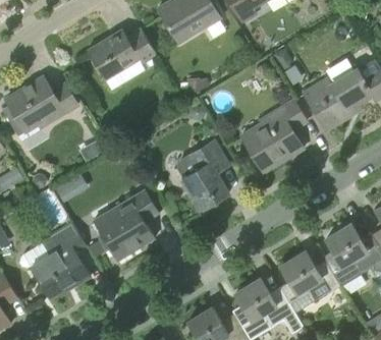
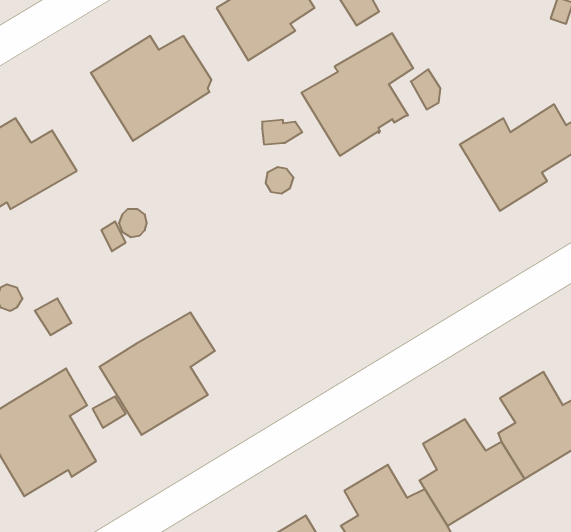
building: [240,101,306,172] -> [301,33,413,156]
building: [176,139,229,211] -> none

